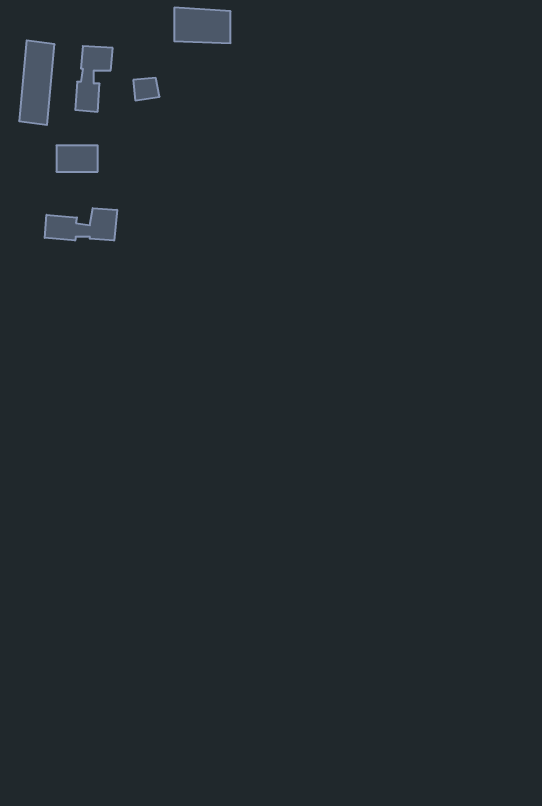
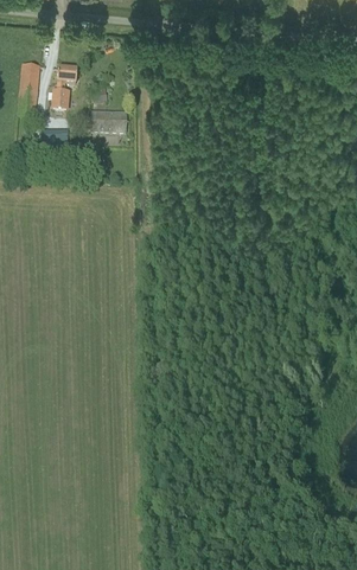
building: [174,8,231,43] -> [91,108,127,130]
building: [45,208,117,241] -> none

